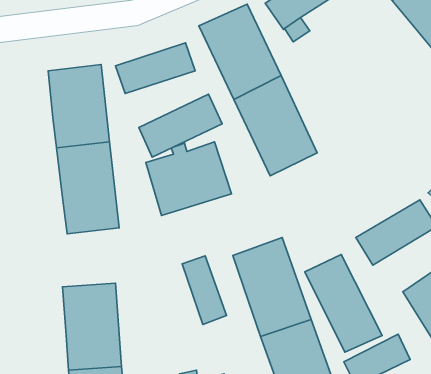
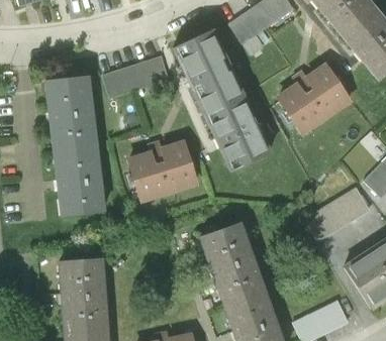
building: none -> [277,63,353,134]
building: [139,94,222,157] -> none
building: [305,254,382,352] -> none
building: [182,256,227,324] -> none

